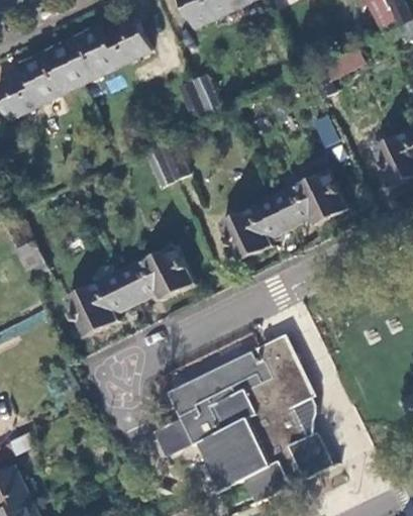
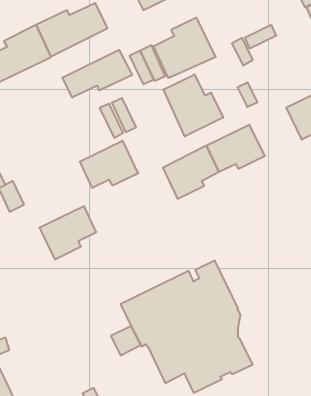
building: none -> [153,18,216,78]
building: none -> [63,50,132,98]
building: none -> [164,74,223,137]
building: [120,244,193,303] -> [80,141,138,188]

